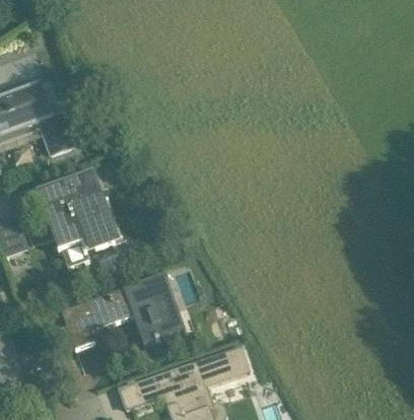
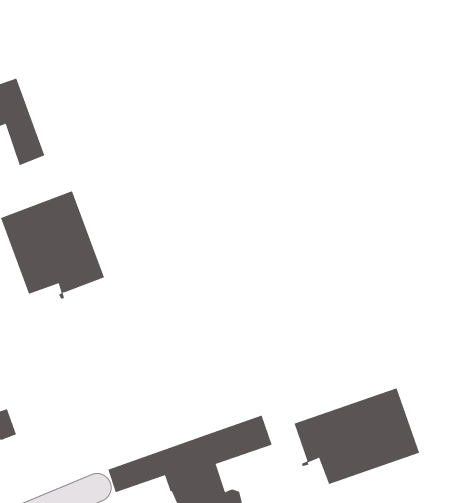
building: [61,273,176,349] -> none
building: none -> [294,387,420,485]

